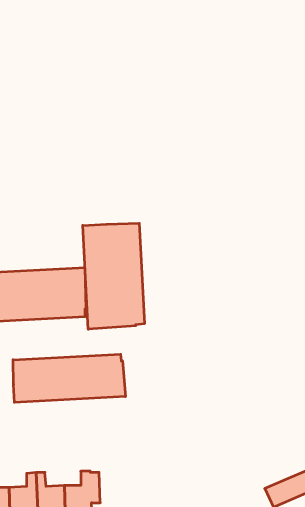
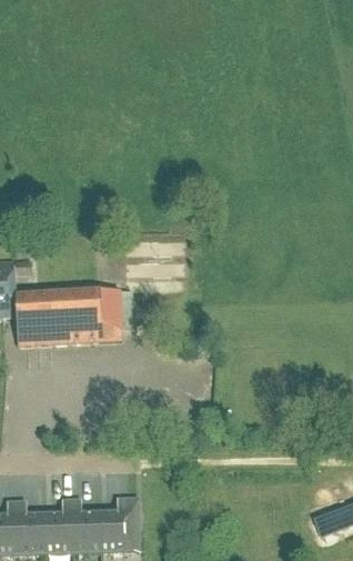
building: [83,223,144,329] -> none
building: [13,354,125,402] -> none

